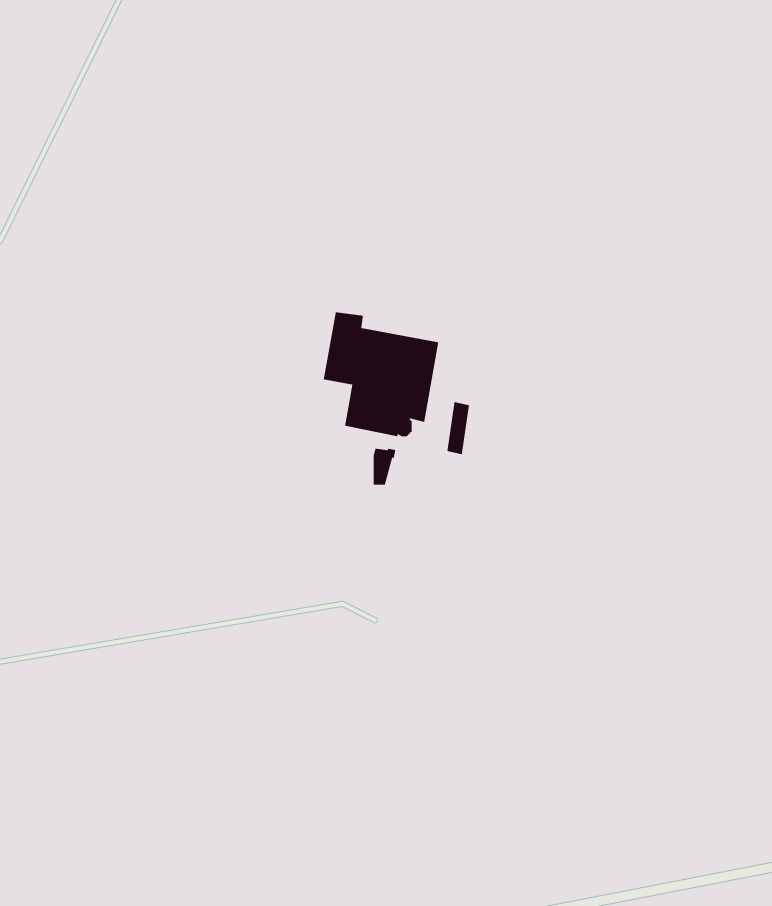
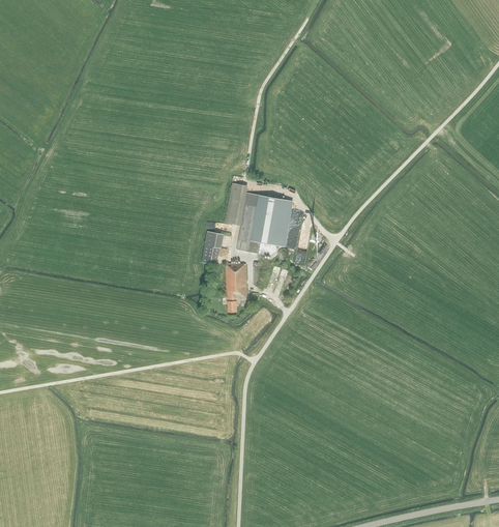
building: none -> [202,231,224,264]
building: none -> [225,262,247,312]

